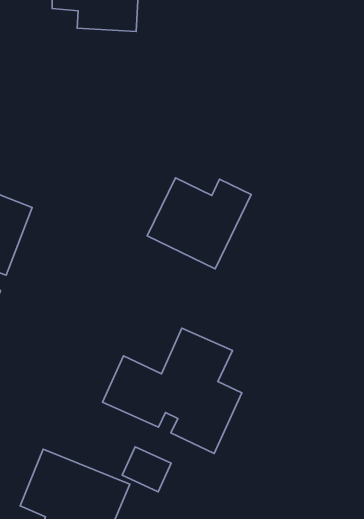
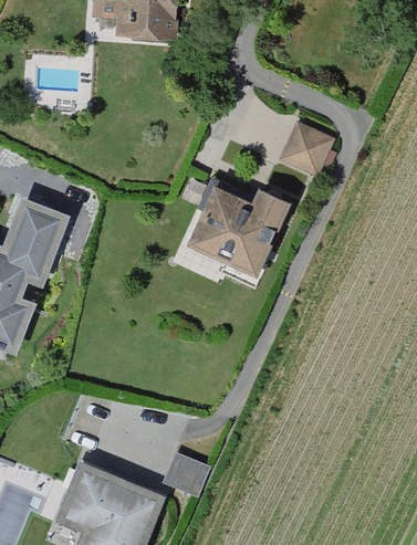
building: none -> [279,124,333,177]
building: [103,328,242,453] -> none

